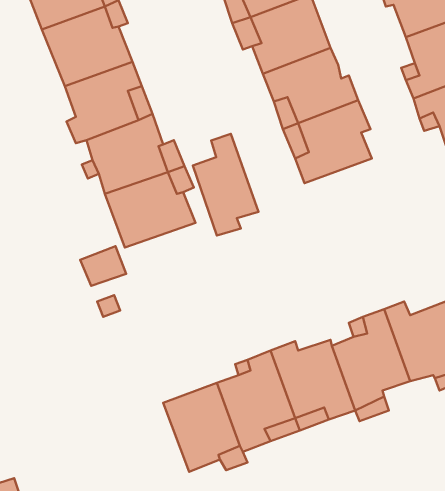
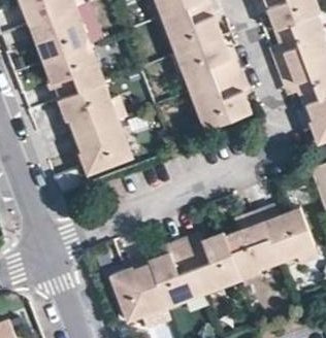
building: [193,134,258,235] -> none

